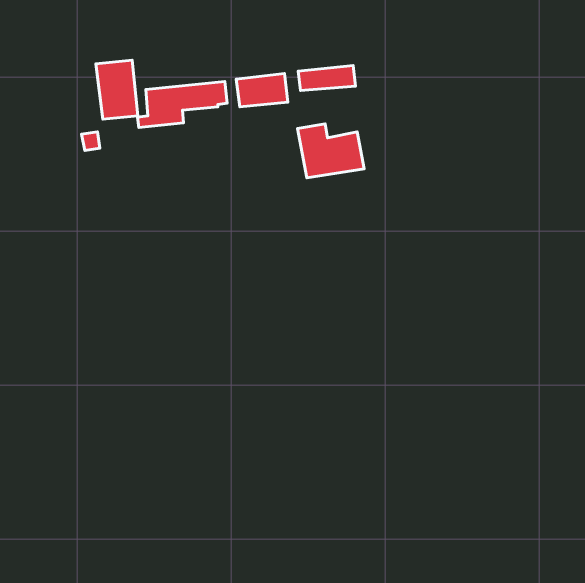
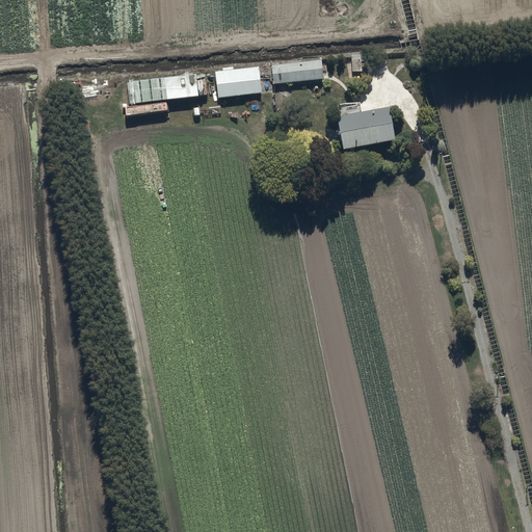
building: [96,60,138,119] -> none
building: [298,124,364,178] -> [335,101,395,150]

